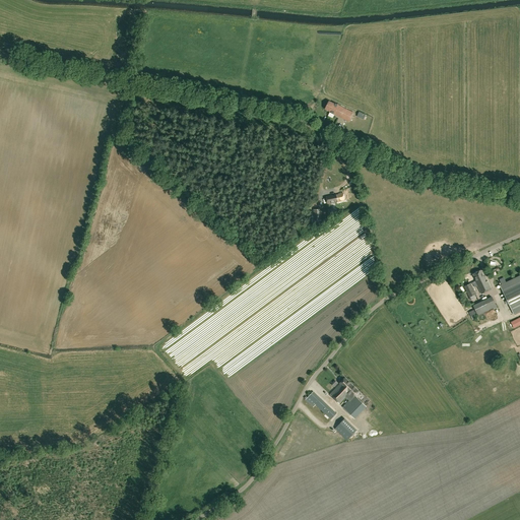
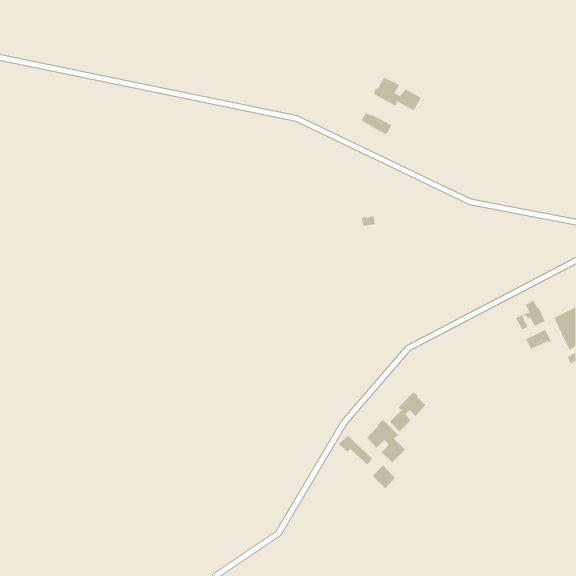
building: none -> [373,77,421,111]
building: none -> [389,392,426,432]

